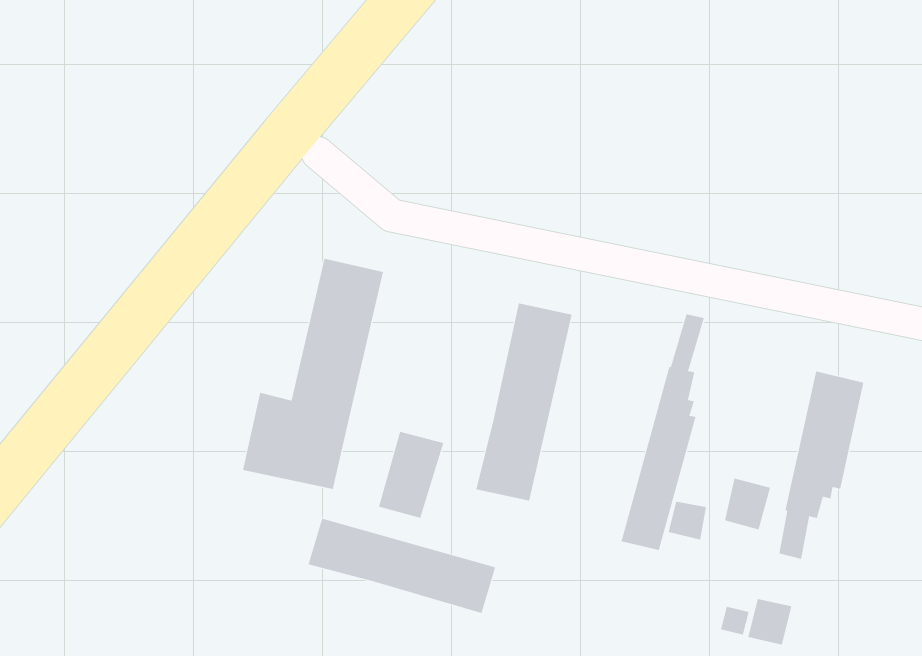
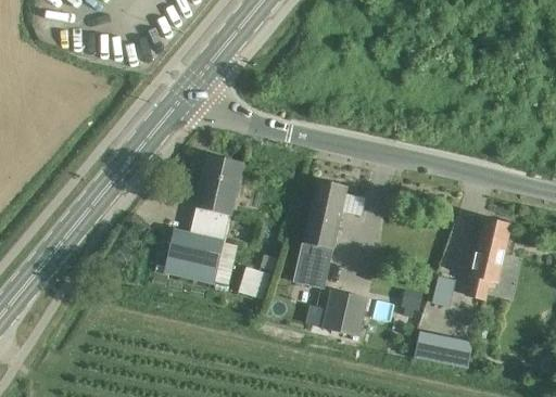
building: [621,313,705,551] -> none
building: none -> [321,290,366,335]
building: [308,518,496,614] -> none

